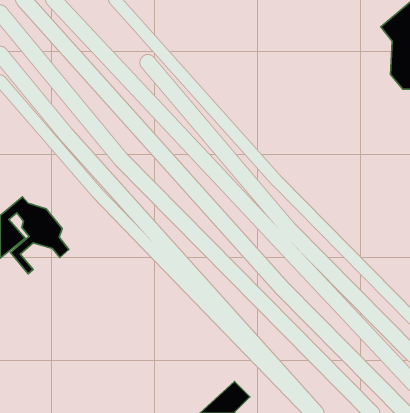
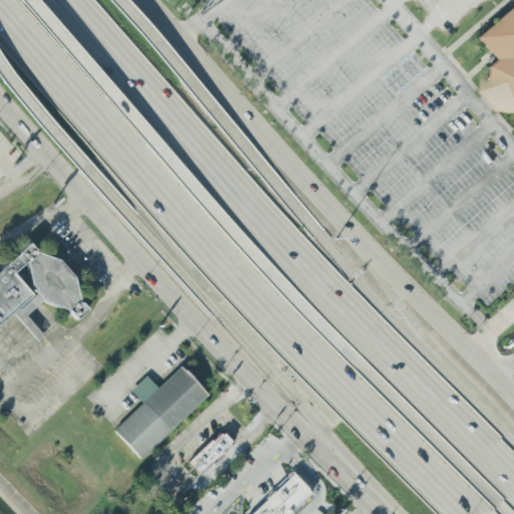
building: none -> [115,366,210,459]
building: none -> [191,431,237,475]

